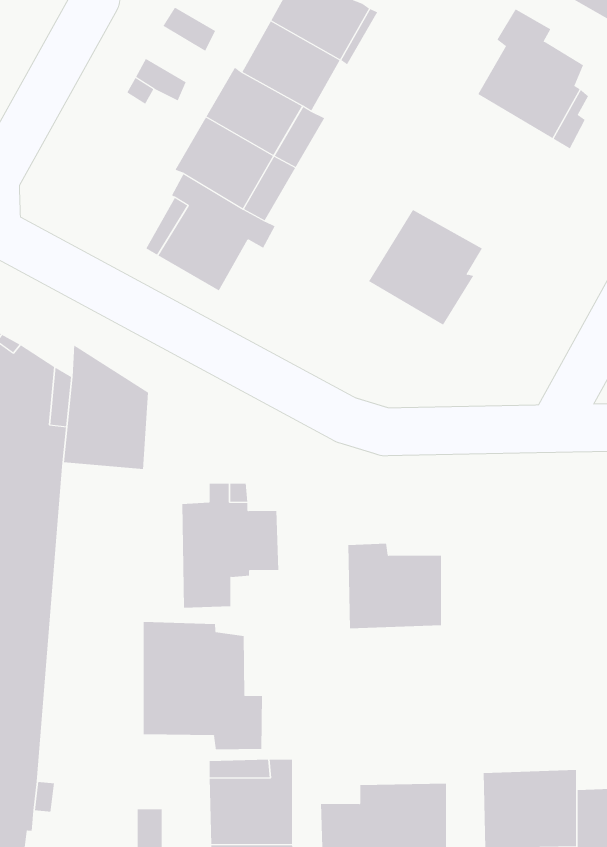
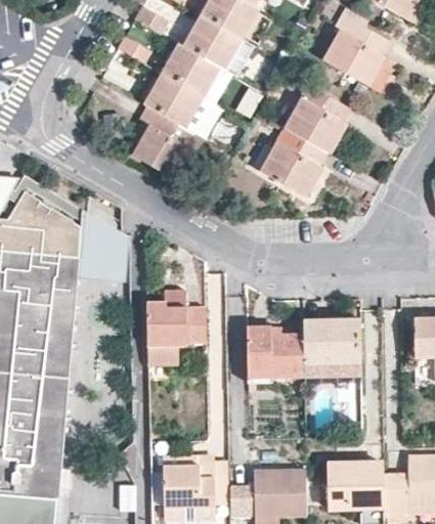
building: none -> [285,84,350,152]
building: none -> [301,318,360,376]
building: [143,621,263,750] -> none

